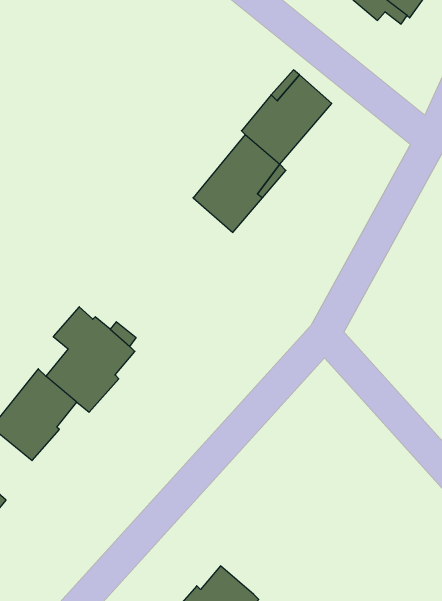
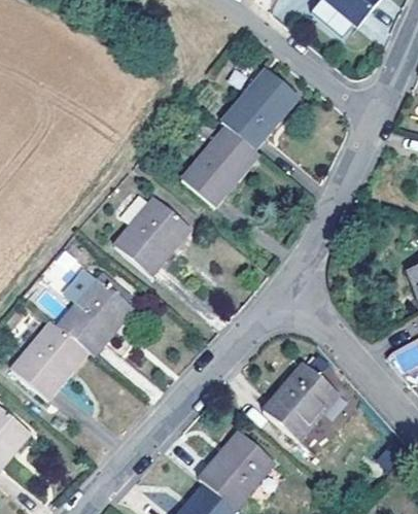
building: none -> [114,196,185,271]
building: none -> [263,362,335,437]
building: none -> [198,434,274,508]

